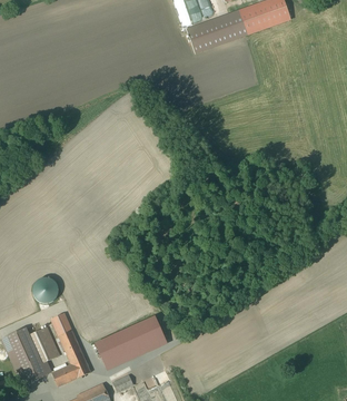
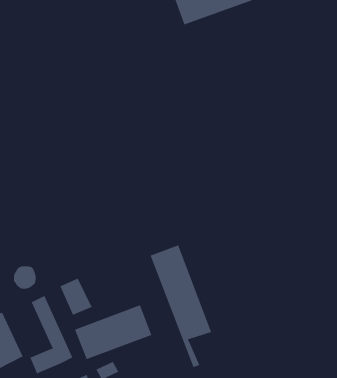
building: none -> [150,244,212,368]
building: [29,323,60,359] -> [59,278,92,316]

